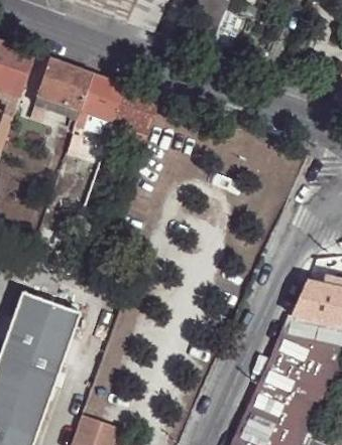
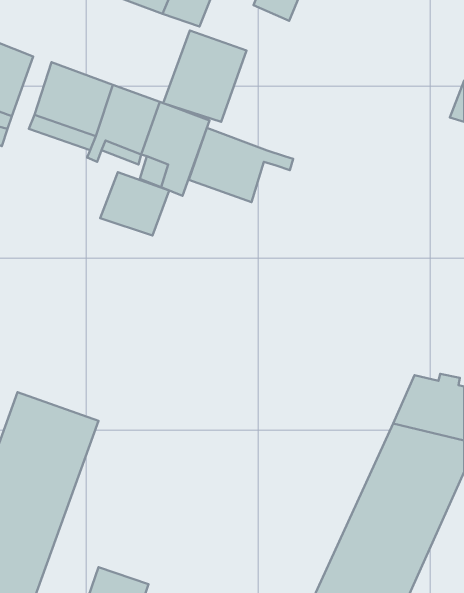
building: none -> [163,31,247,122]
building: none -> [189,128,293,202]
building: none -> [100,172,169,236]

